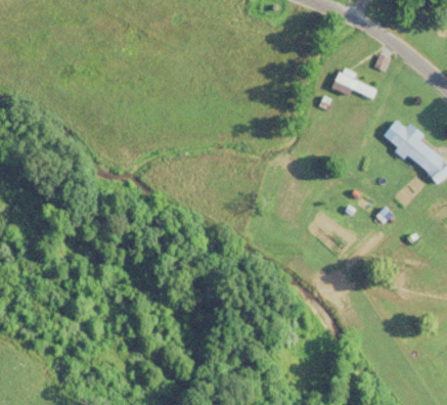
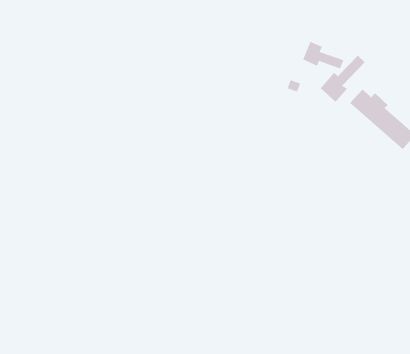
building: none -> [320,55,366,103]

